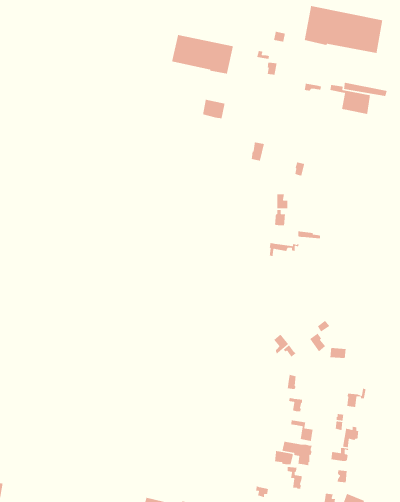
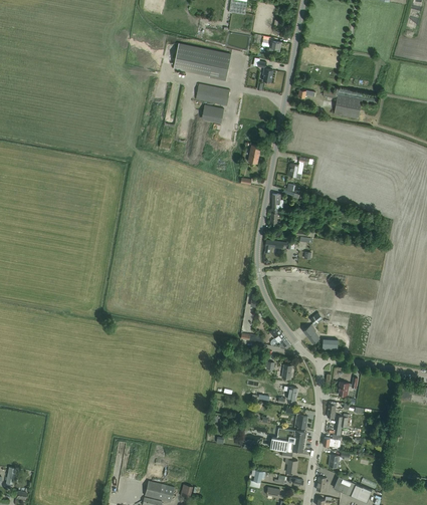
building: [304,5,383,54] -> none
building: none -> [196,83,230,106]

